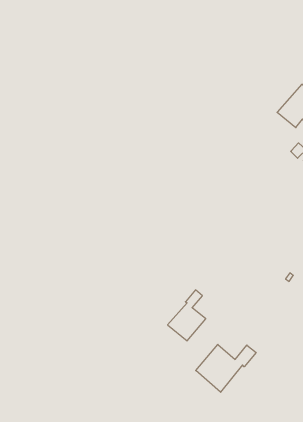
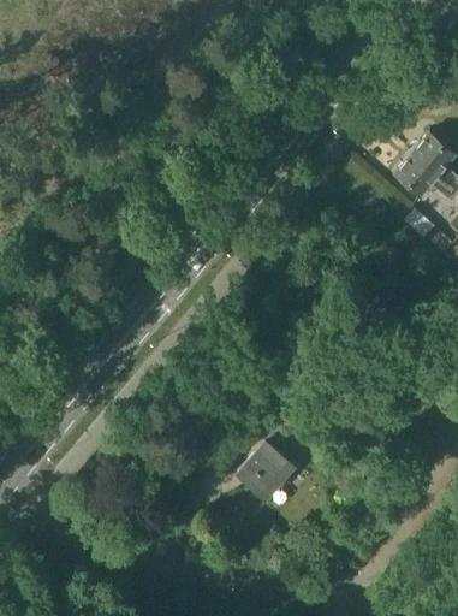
building: [196,344,256,392] -> none

